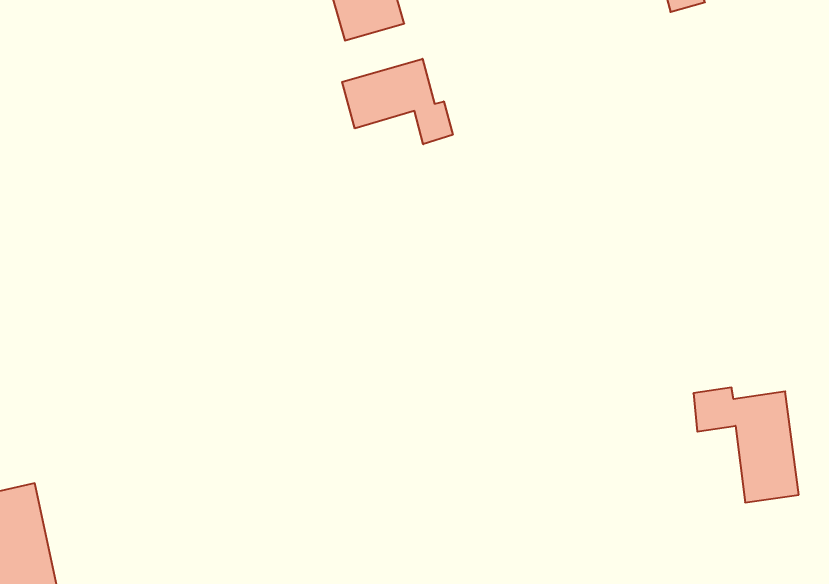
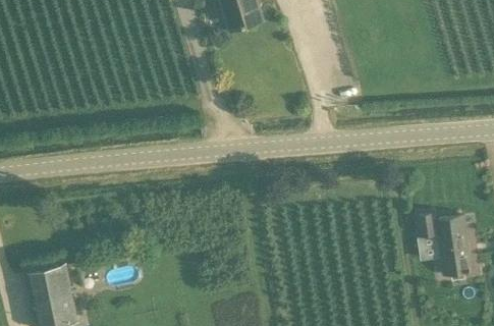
building: [342,59,453,144] -> none

